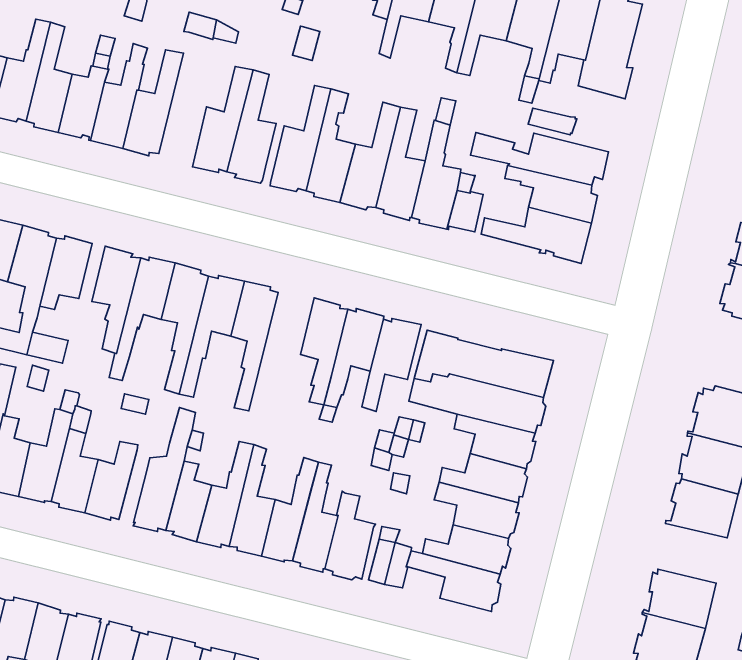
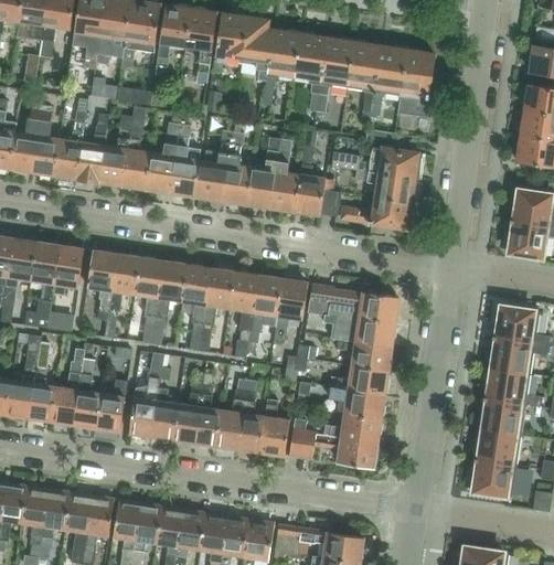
building: none -> [122,106,151,191]
building: none -> [199,268,235,351]
building: none -> [479,398,525,435]

